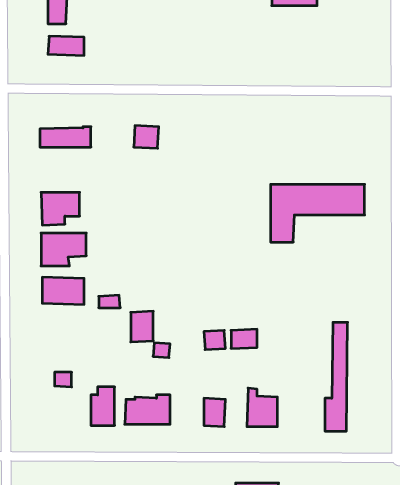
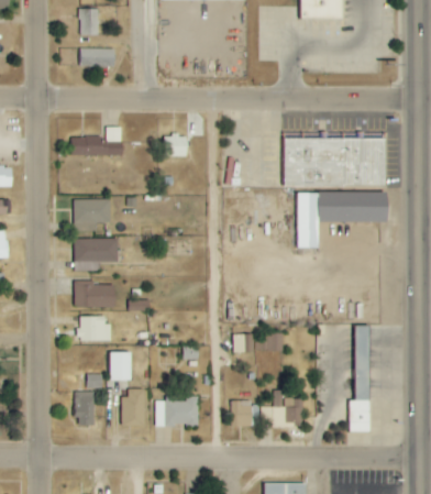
building: none -> [285,136,387,186]
building: [131,311,153,342] -> [110,351,132,381]
building: none -> [78,316,110,341]
building: none -> [76,392,96,426]

